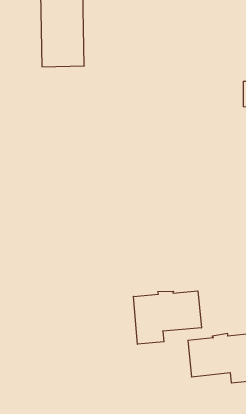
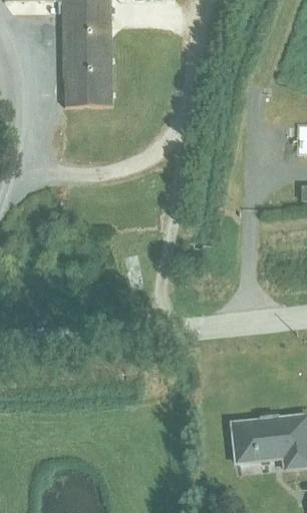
building: [133,291,201,344] -> none

